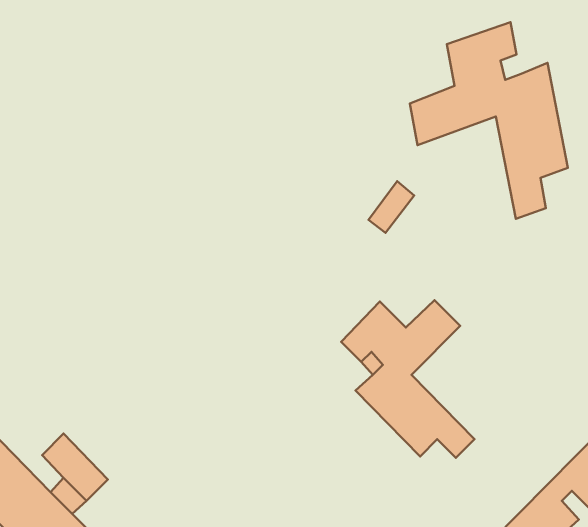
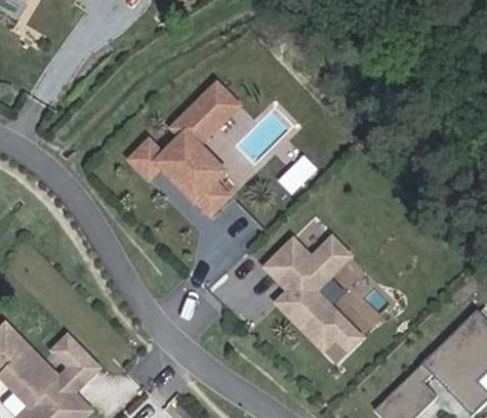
building: [410,22,568,219] -> none
building: none -> [128,79,237,216]

